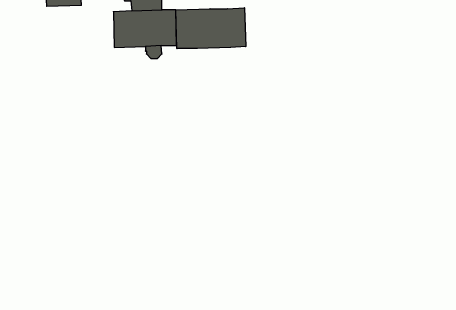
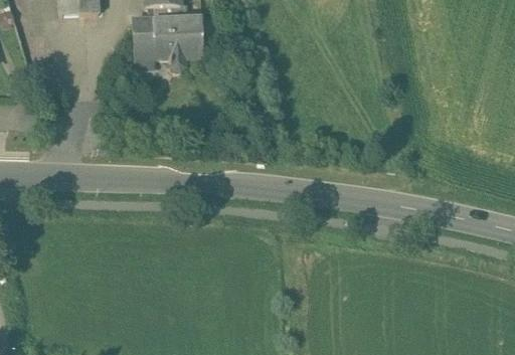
building: [176,8,246,49] -> none

